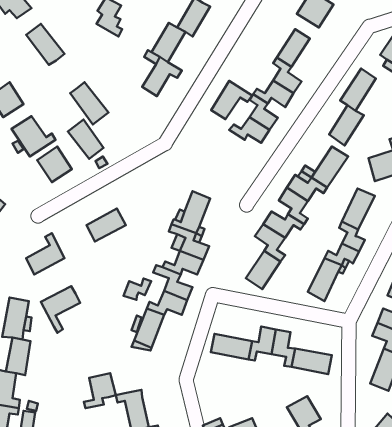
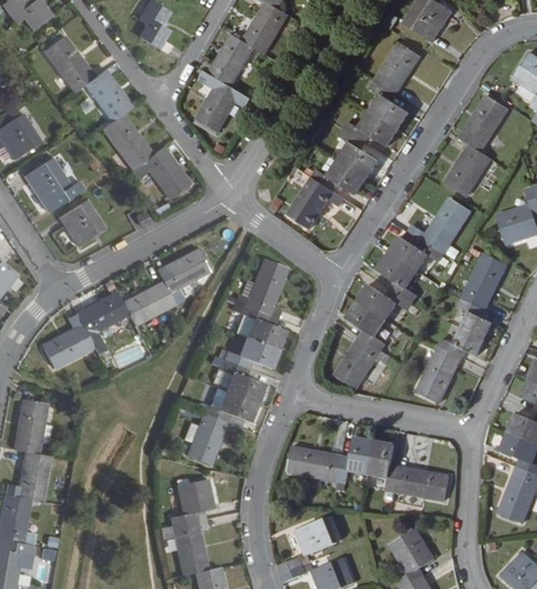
building: none -> [84,68,131,120]
building: [211,81,252,119] -> [289,176,343,227]
building: [68,120,104,159] -> [142,145,189,198]
building: none -> [159,248,210,302]
building: [124,278,151,300] -> none
building: [41,286,80,333] -> [78,292,130,354]
building: [84,373,116,408] -> [170,479,212,525]
building: none -> [297,517,337,555]

